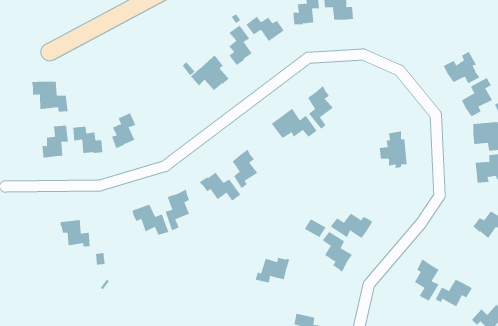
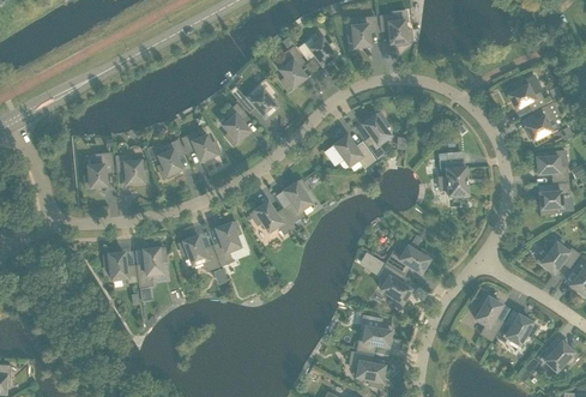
building: none -> [223,103,249,144]
building: [31,81,68,113] -> none
building: none -> [182,131,220,161]
building: none -> [138,246,165,285]
building: [255,257,290,283] -> [357,323,394,350]

